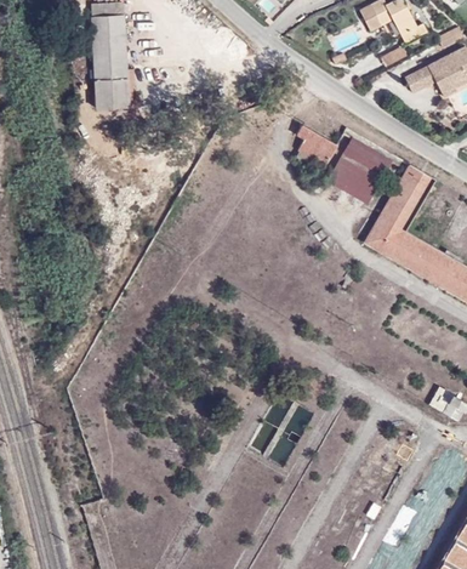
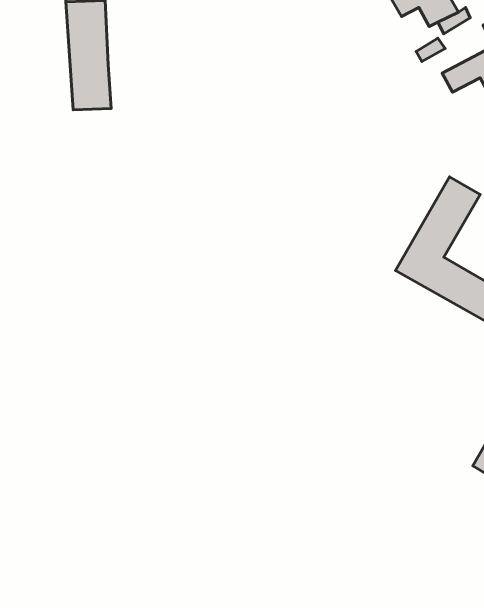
building: [297,124,338,166] -> none
building: [344,137,392,176] -> none
building: [326,158,380,206] -> none

